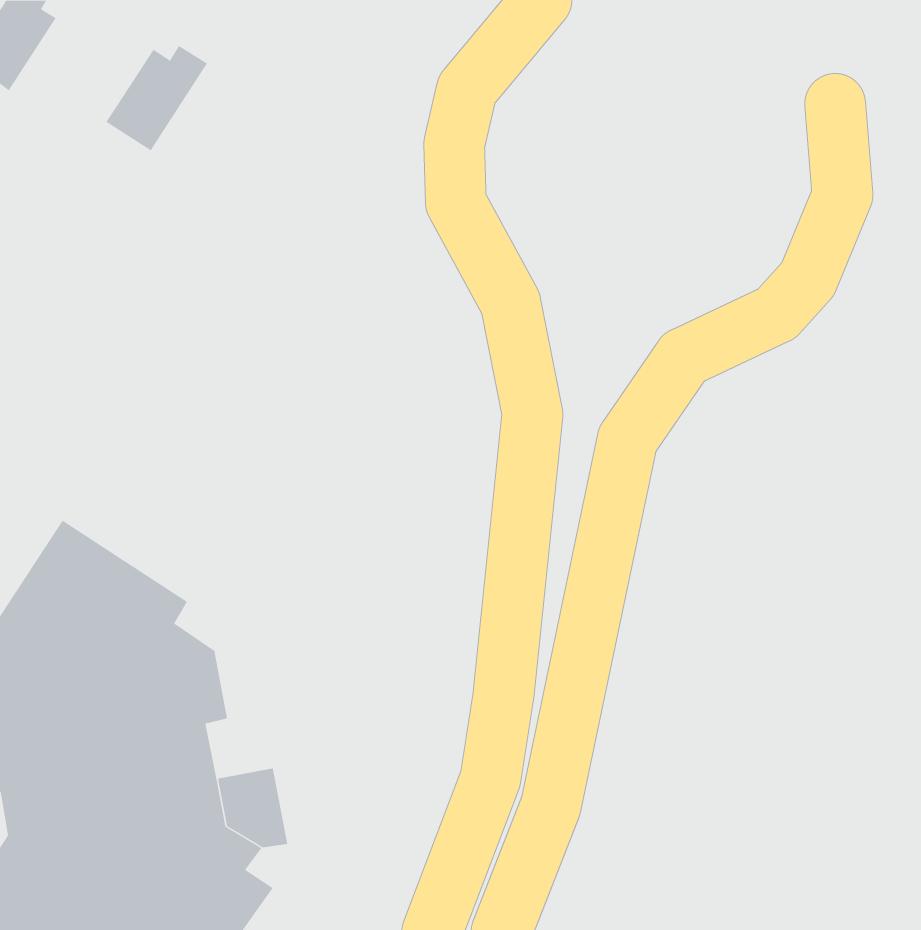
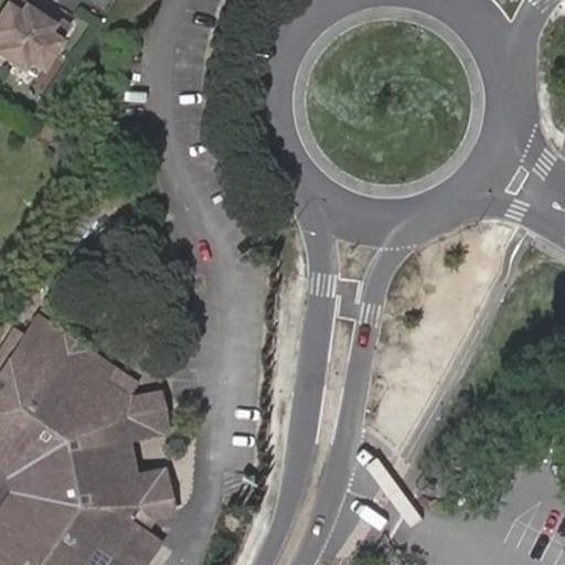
building: [106,45,208,151] -> [6,10,67,74]
building: none -> [130,388,166,436]

